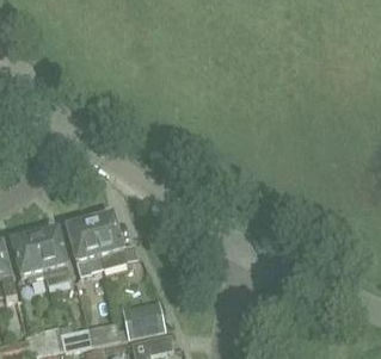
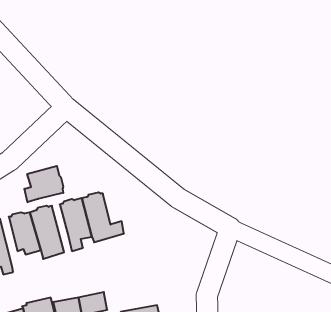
building: none -> [24,166,63,202]
building: [121,298,161,334] -> none

